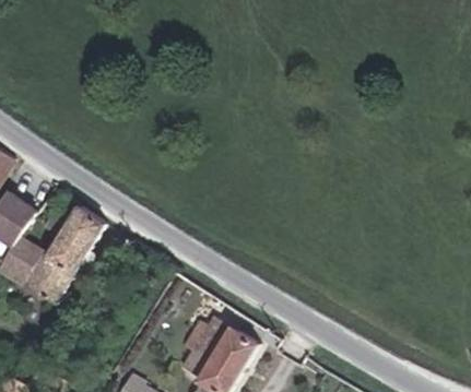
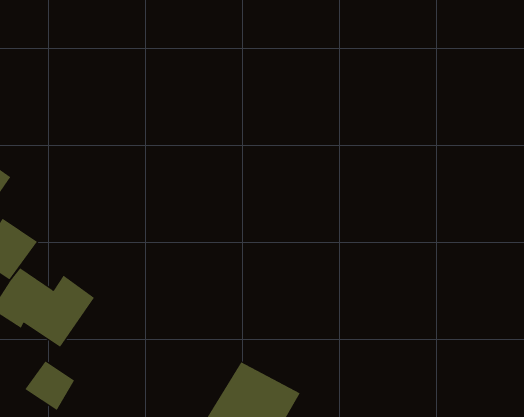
building: [46,197,109,261] -> none
building: none -> [25,360,75,411]

